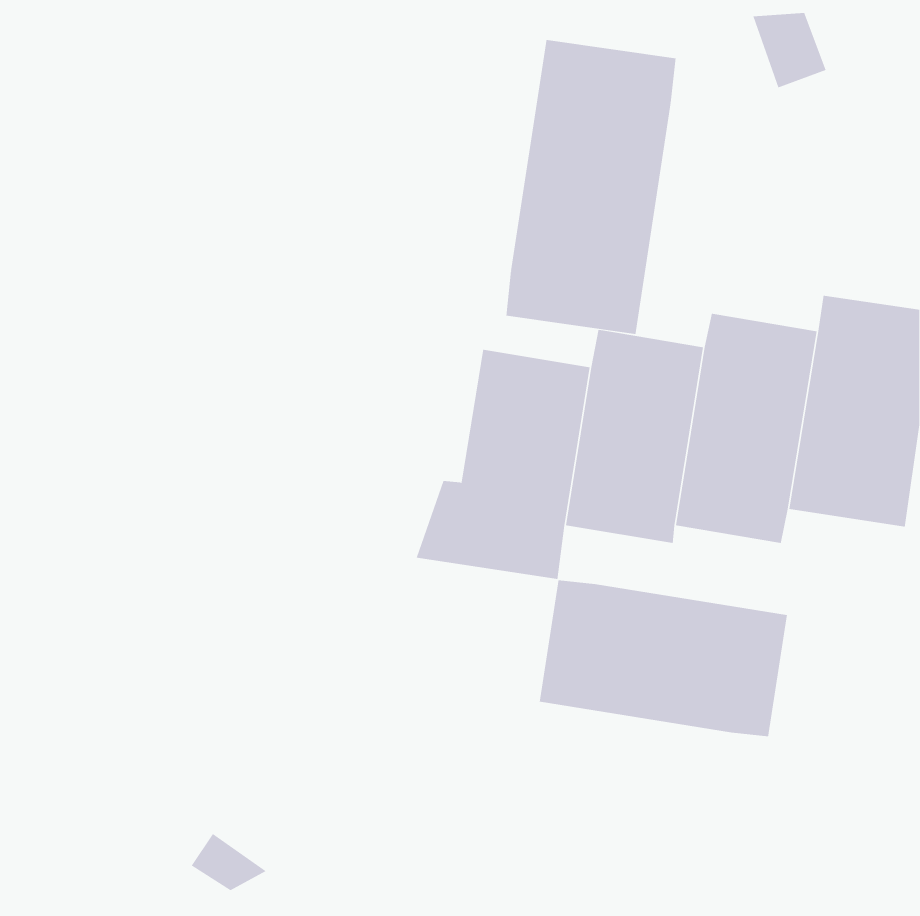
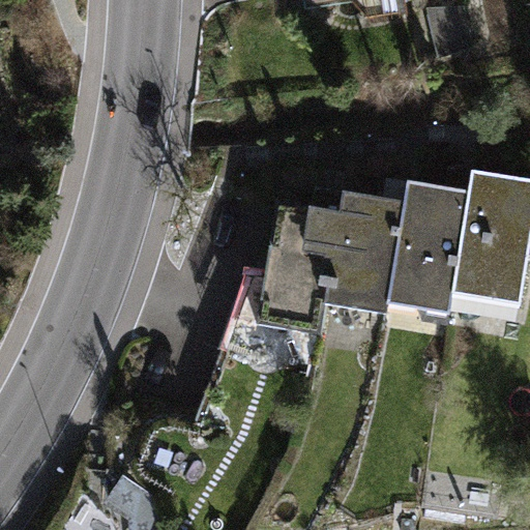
building: [506,39,676,335] -> none
building: [539,579,787,737] -> none

